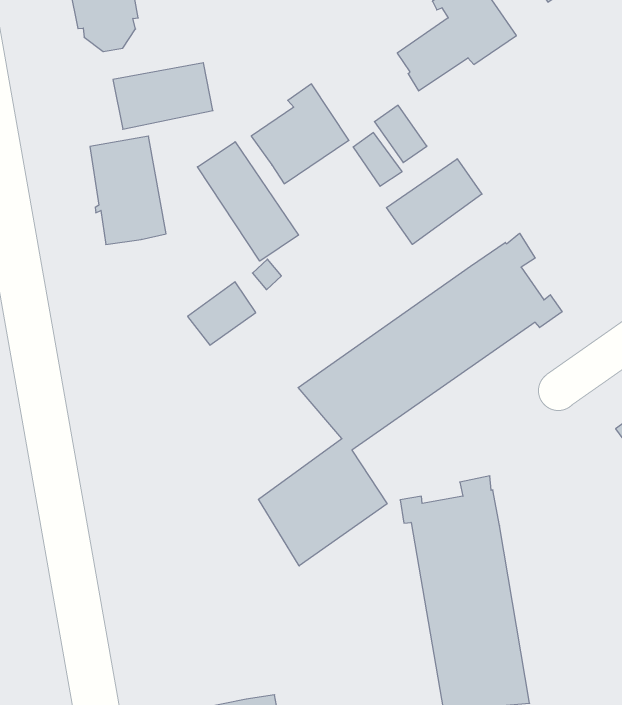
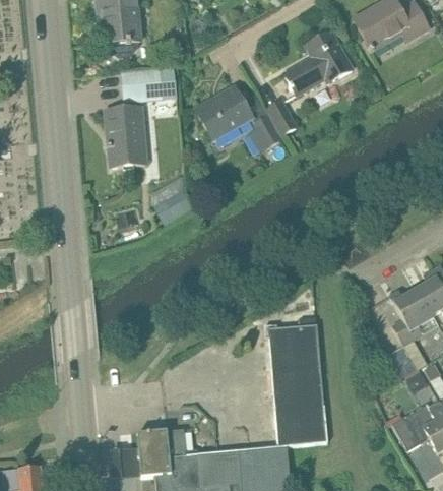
building: [197,142,299,261] -> none
building: [386,159,482,244] -> none
building: [258,233,562,566] -> none

